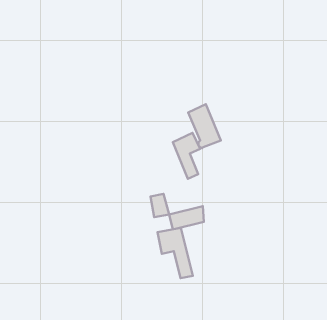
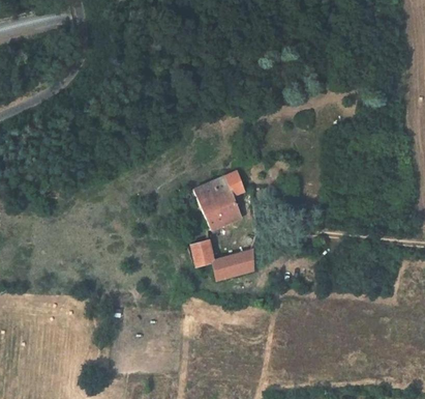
building: [188,104,221,148] -> [196,182,233,231]
building: [157,228,193,278] -> none

